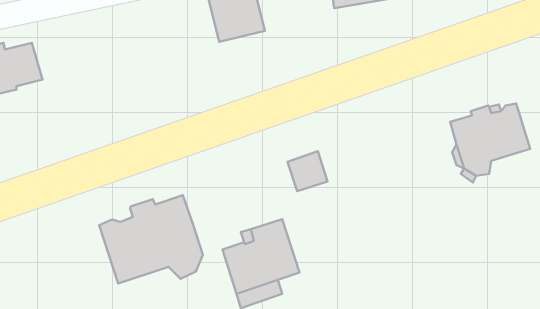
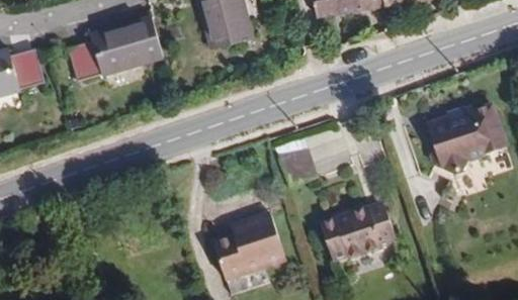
building: none -> [68,16,164,82]
building: [99,195,203,284] -> none
building: none -> [320,201,396,262]

